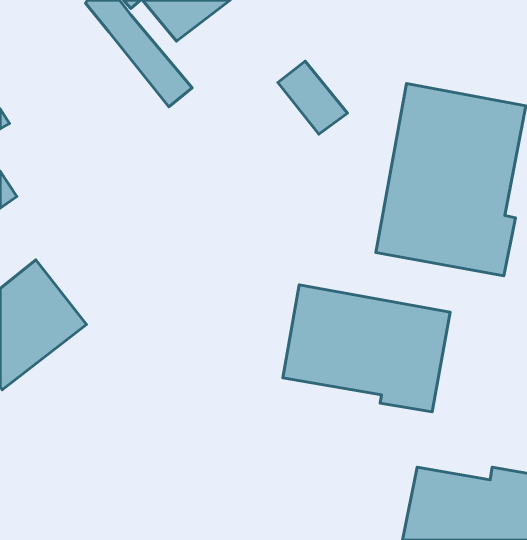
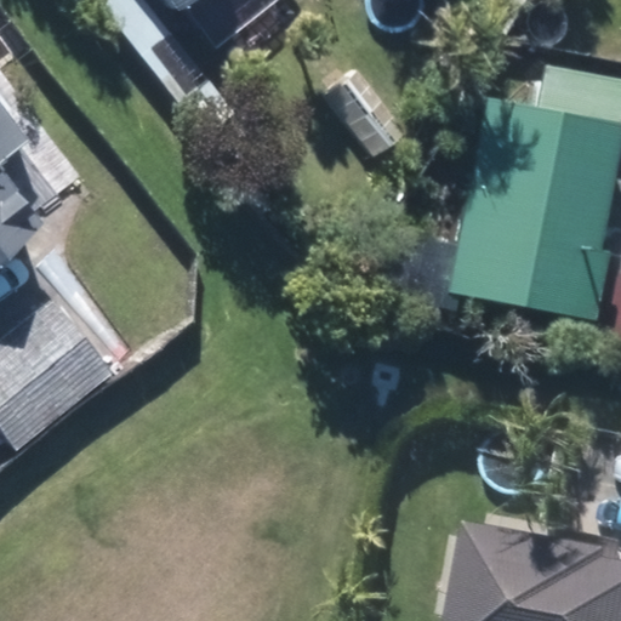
building: [283,285,450,412] -> none

